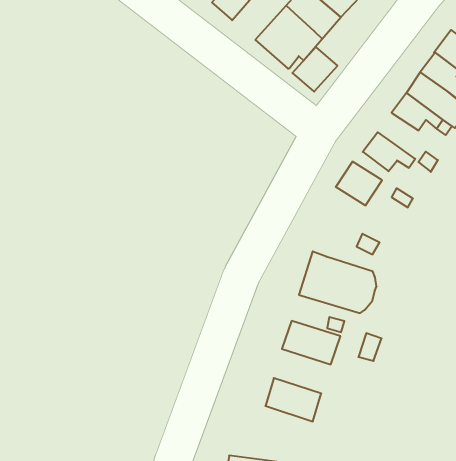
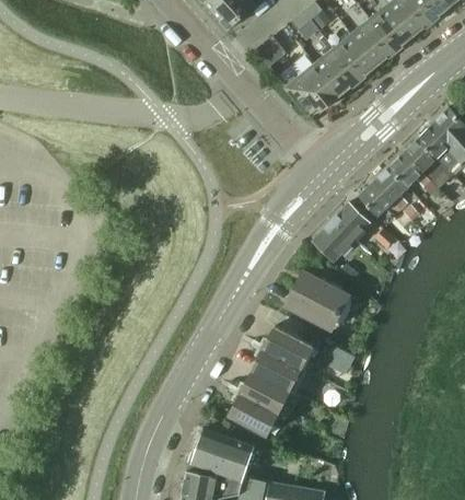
building: [292,47,337,92] -> none
building: none -> [373,167,407,209]
building: none -> [313,221,352,260]
building: none -> [252,348,301,391]
building: none -> [229,393,278,435]

